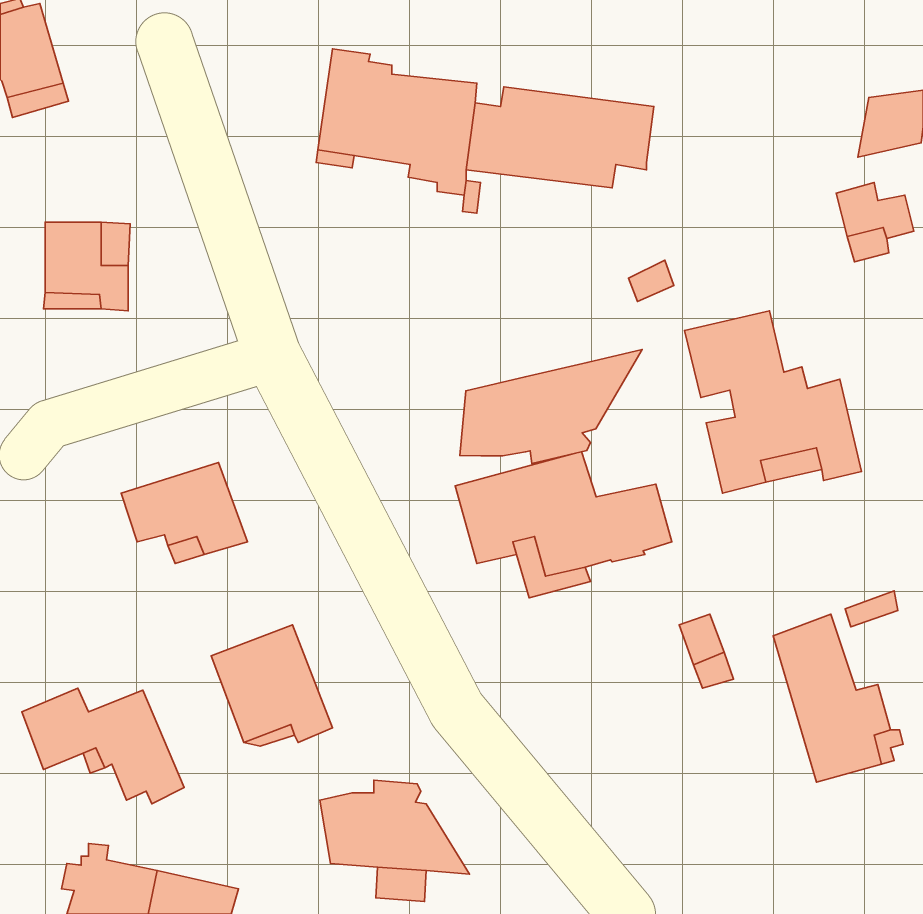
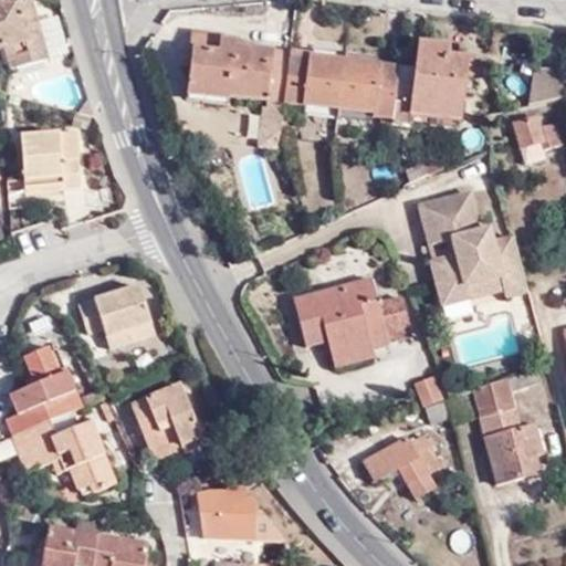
building: none -> [396,49,469,119]
building: [460,350,642,463] -> none
building: none -> [7,347,83,436]
building: none -> [365,437,440,493]

